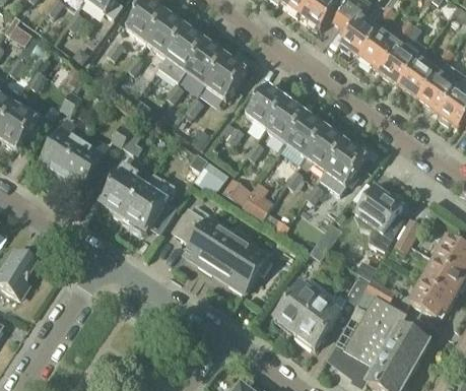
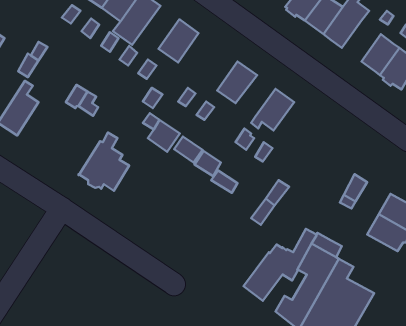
building: [185,41,226,85] -> none
building: [396,52,440,99] -> none
building: [246,84,287,129] -> none
building: [285,113,327,156] -> none
building: [58,139,107,189] -> none
building: [325,141,367,186] -> none
building: [99,157,144,217] -> none
building: [355,186,402,233] -> none
building: [172,210,270,291] -> none
building: [273,274,326,333] -> none
building: [410,279,454,316] -> none

